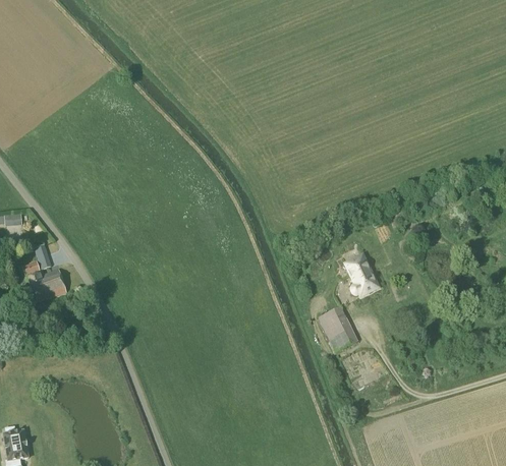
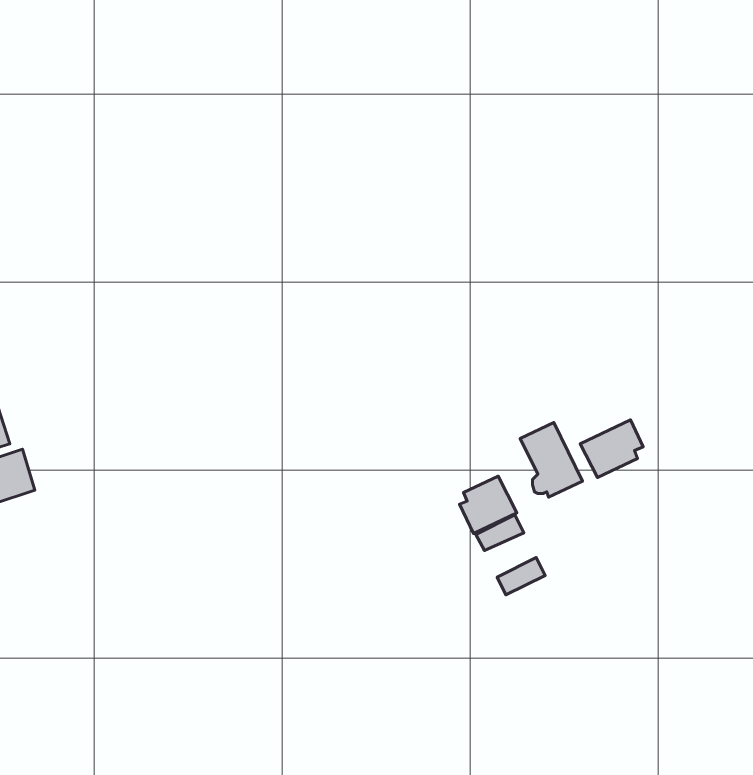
building: none -> [580,420,643,478]
building: none -> [459,476,517,533]

